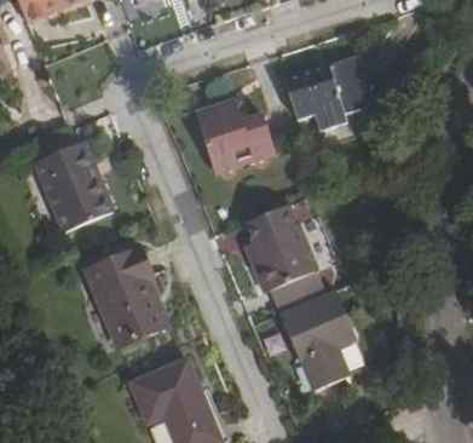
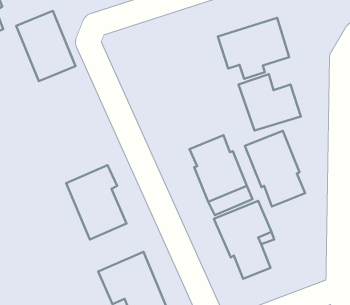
building: [196,99,276,172] -> [239,74,301,131]
building: [36,140,113,231] -> [16,11,75,81]
building: none -> [245,131,305,206]

